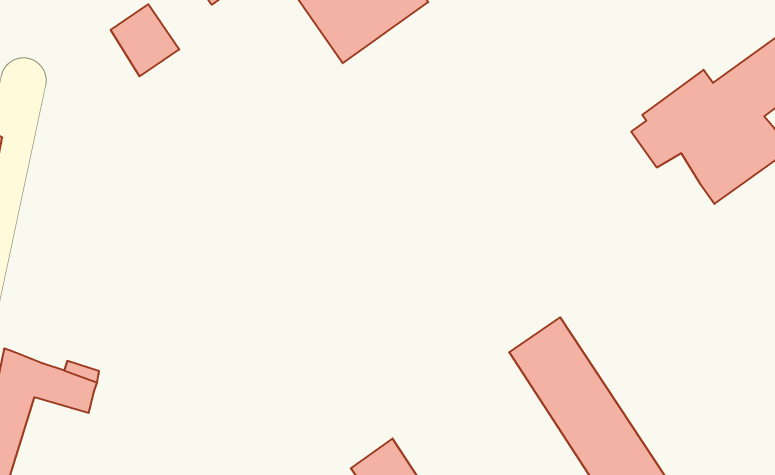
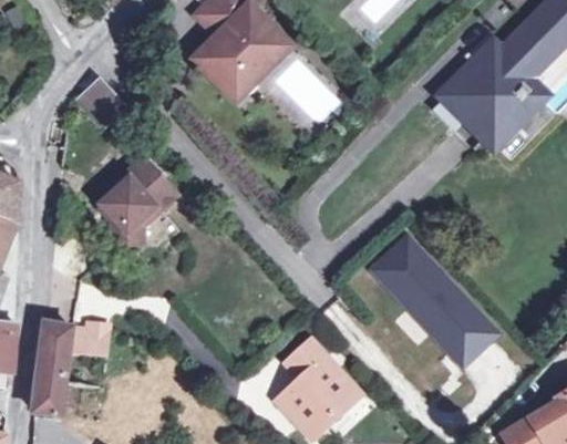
building: none -> [97,156,174,252]

